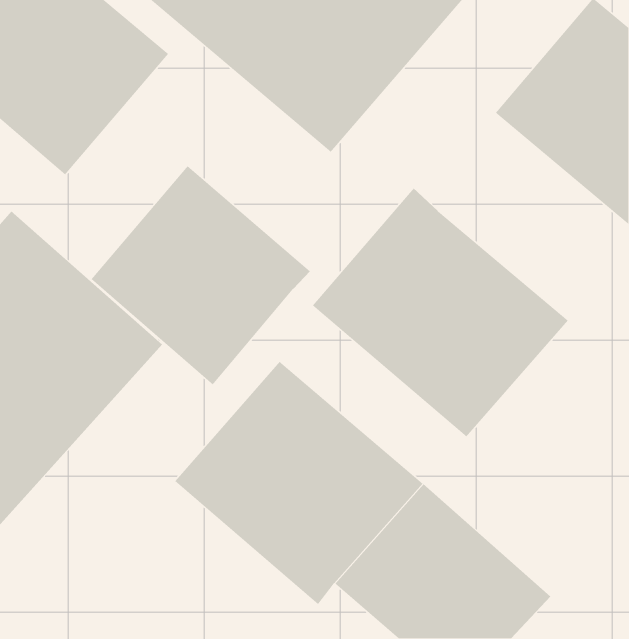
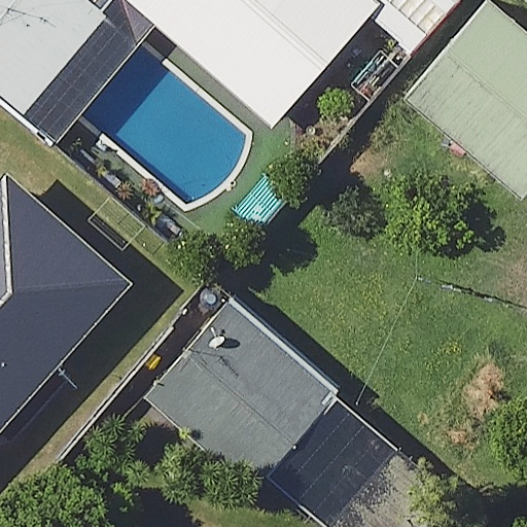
building: [91,165,311,386] -> none
building: [312,188,569,437] -> none

